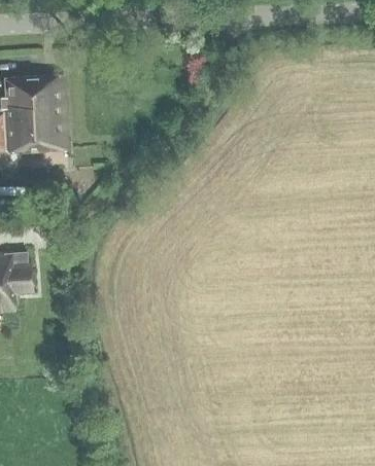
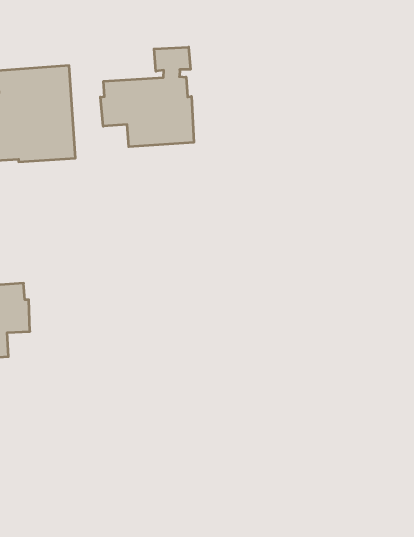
building: none -> [100,47,194,147]

